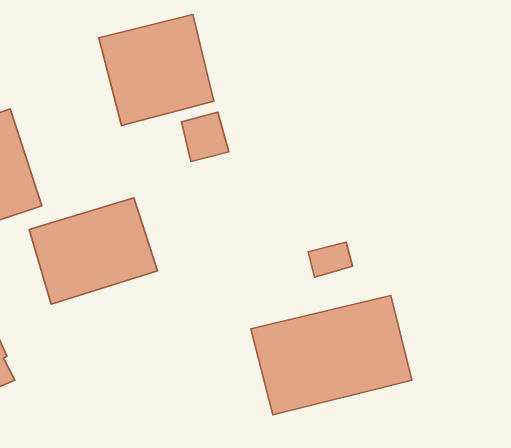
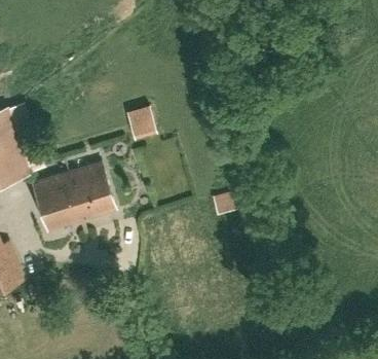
building: [99,14,214,126] -> none
building: [251,295,412,415] -> none

